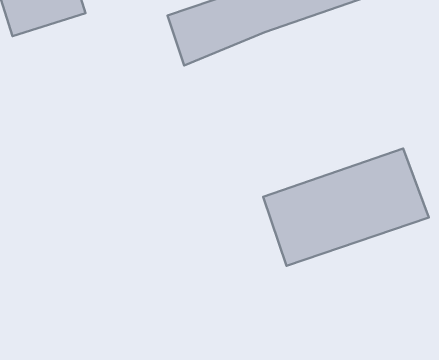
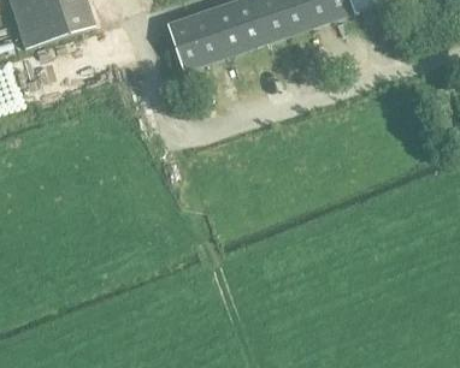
building: [263,149,429,266] -> none

